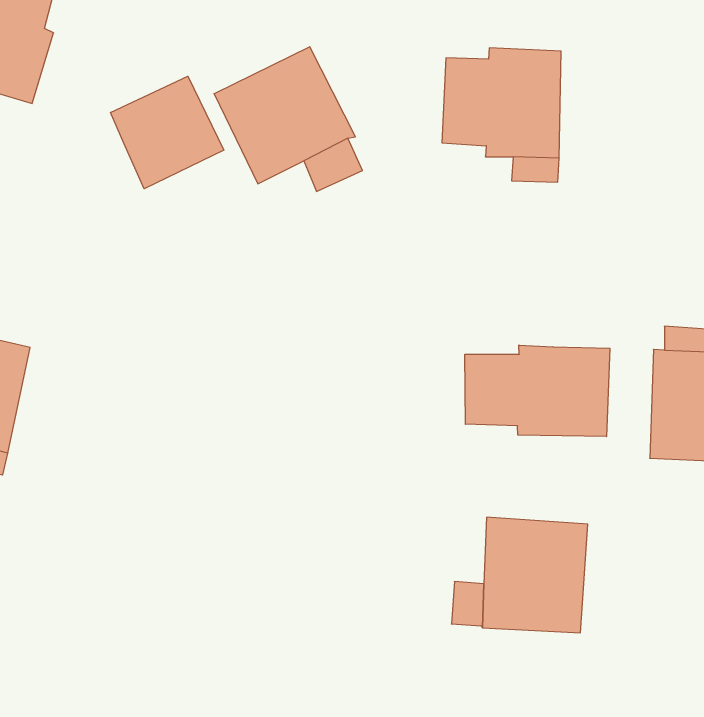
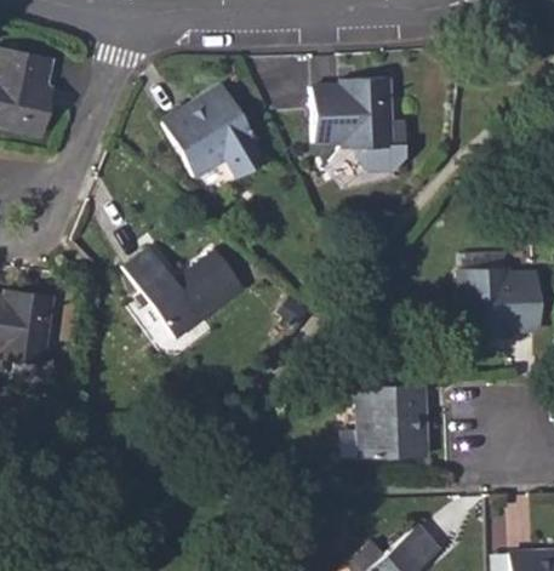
building: [111,76,224,189] -> none
building: none -> [125,249,246,339]
building: [465,345,610,437] -> none

